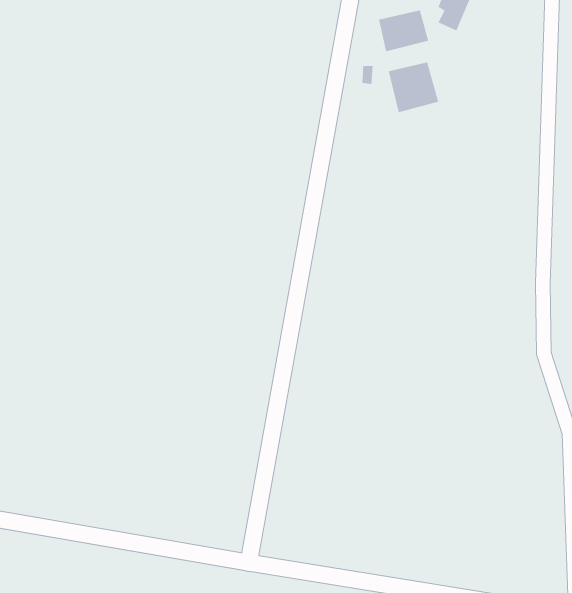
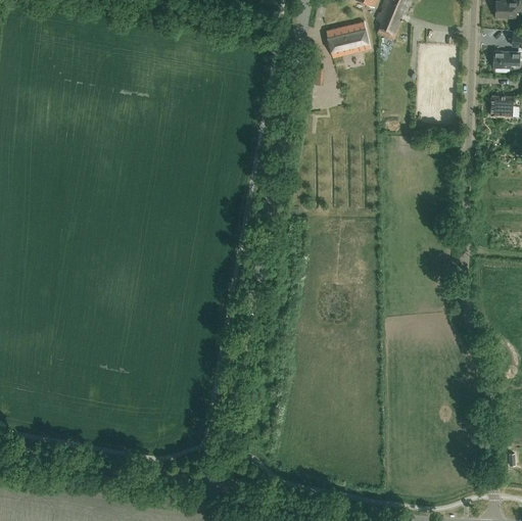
building: [388,61,439,113] -> none

